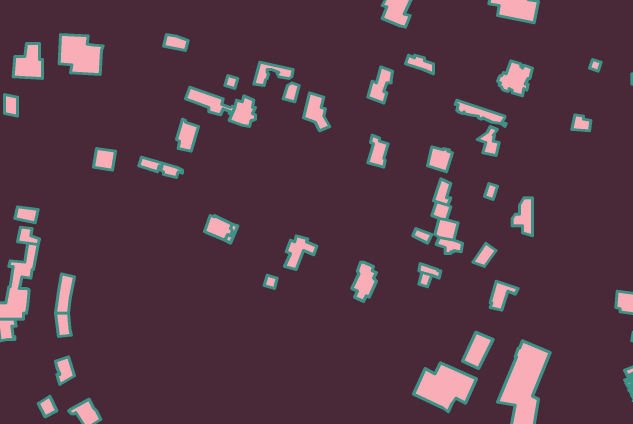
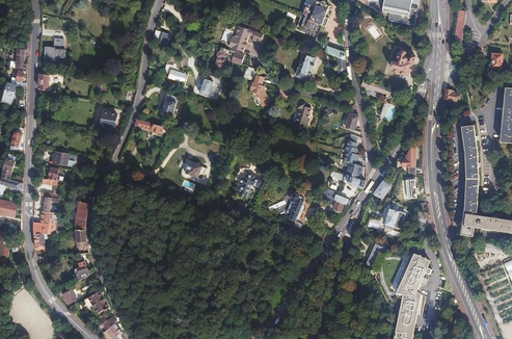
building: none -> [224,25,261,51]
building: [59,35,103,75] -> none
building: none -> [458,124,479,235]
building: [413,363,476,412] -> none

